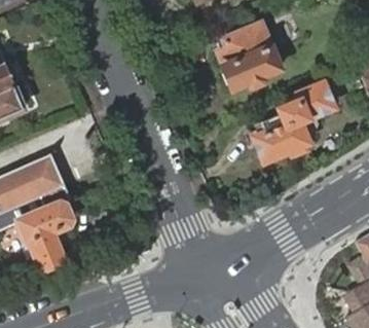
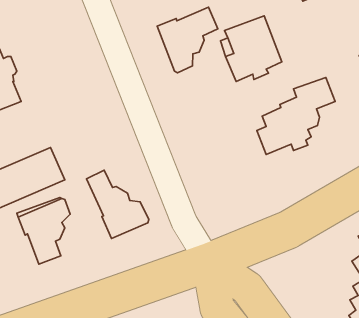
building: none -> [157,7,218,73]
building: none -> [87,170,149,238]

